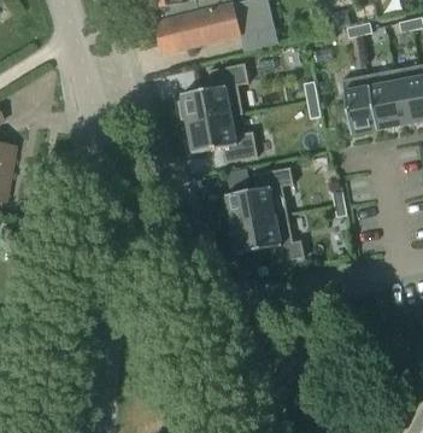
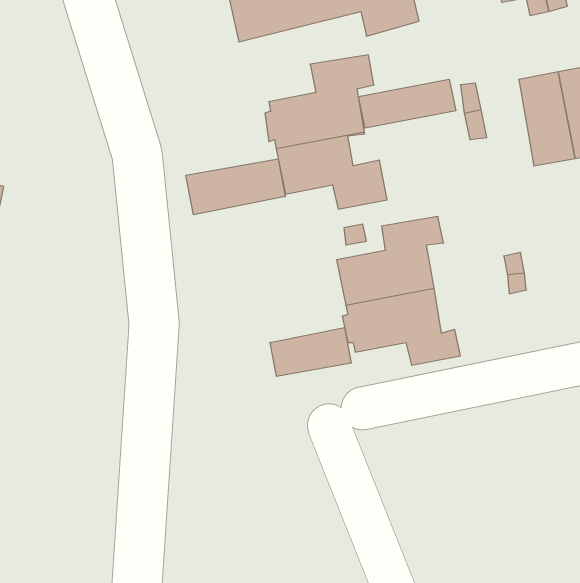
building: none -> [358,79,456,128]
building: none -> [186,159,285,215]
building: none -> [270,328,351,376]

